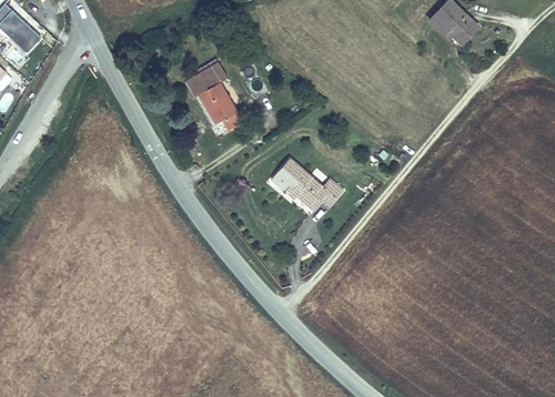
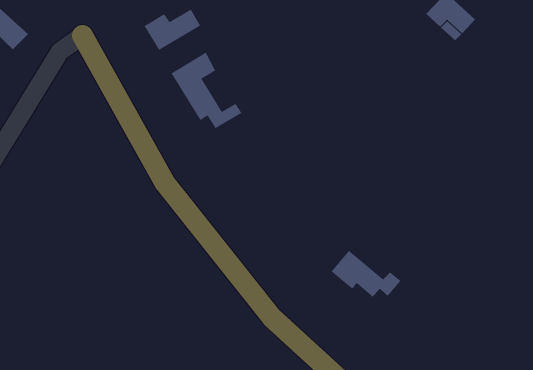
building: none -> [143,9,201,51]
building: [273,159,342,205] -> [331,250,402,298]

